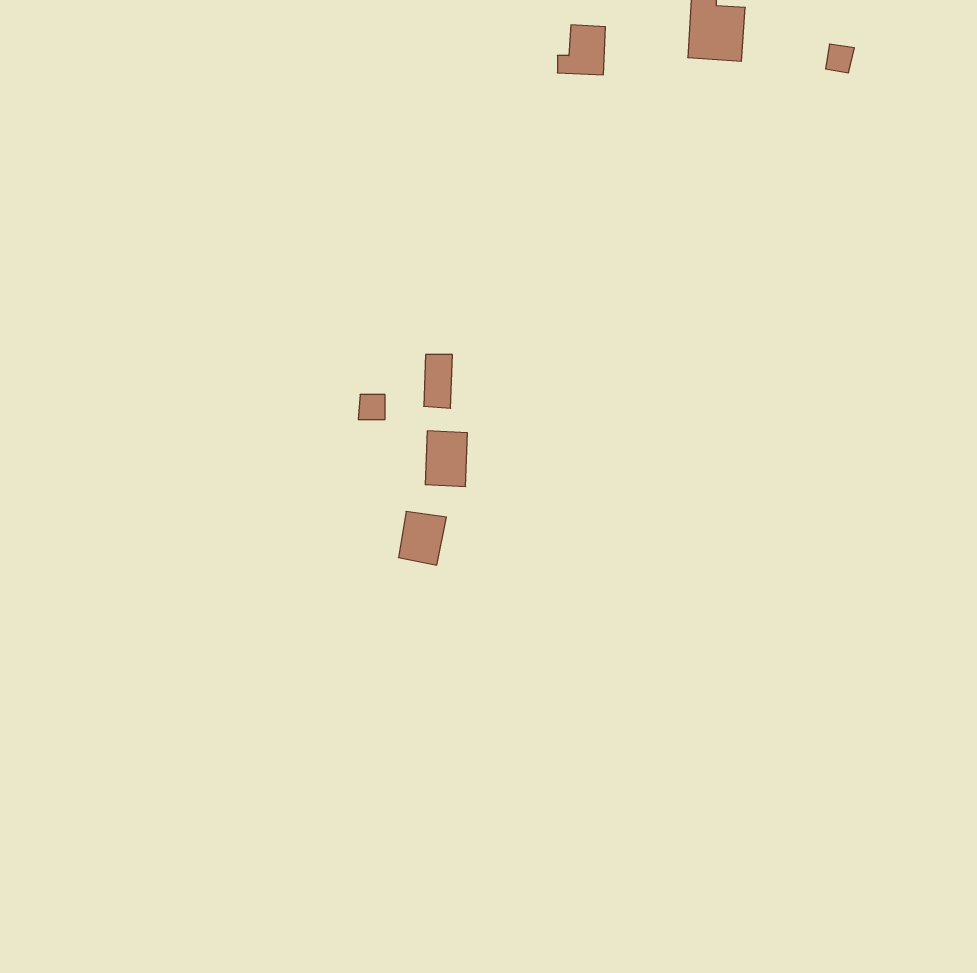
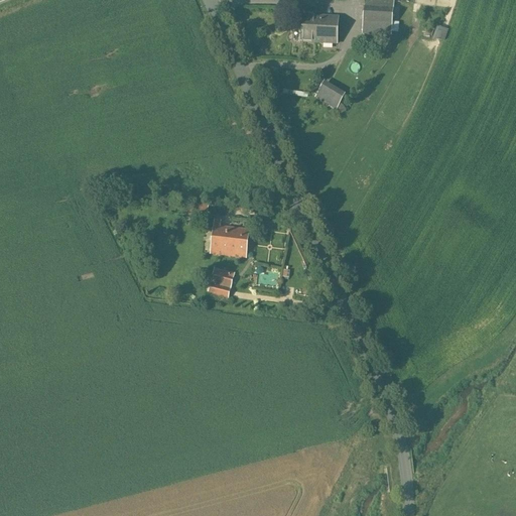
building: none -> [317,14,338,40]
building: none -> [313,79,345,108]
building: [424,355,452,408] -> [210,227,225,255]

